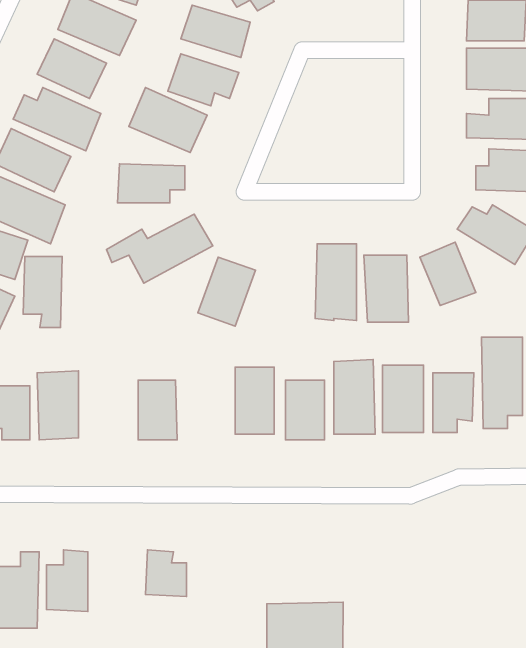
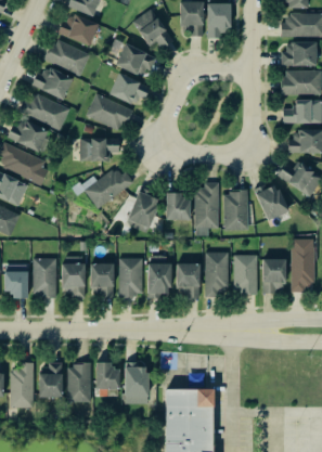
building: [23,257,62,327] -> [62,257,85,298]
building: none -> [166,192,190,220]
building: none -> [118,258,142,297]
building: none -> [67,364,91,402]
building: none -> [125,365,147,404]

